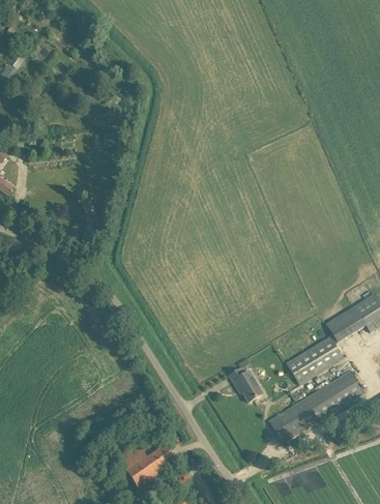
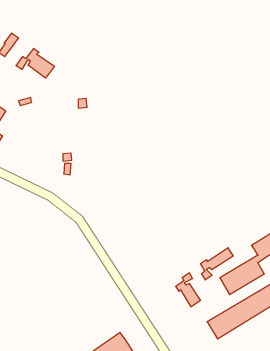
building: none -> [16,48,54,78]
building: none -> [201,248,233,280]

